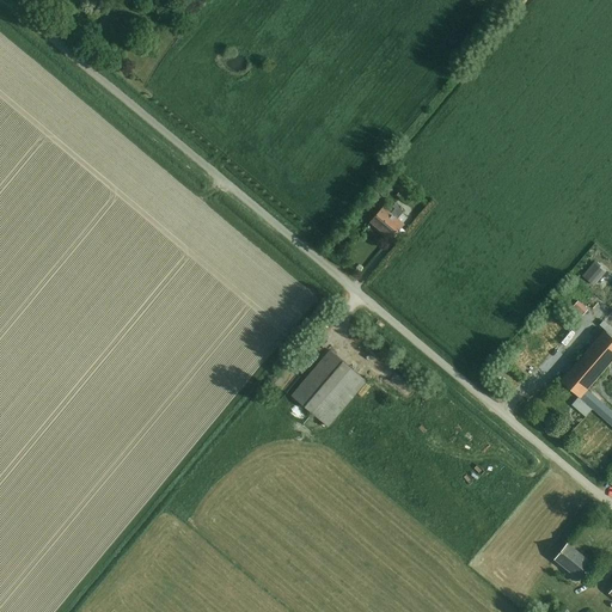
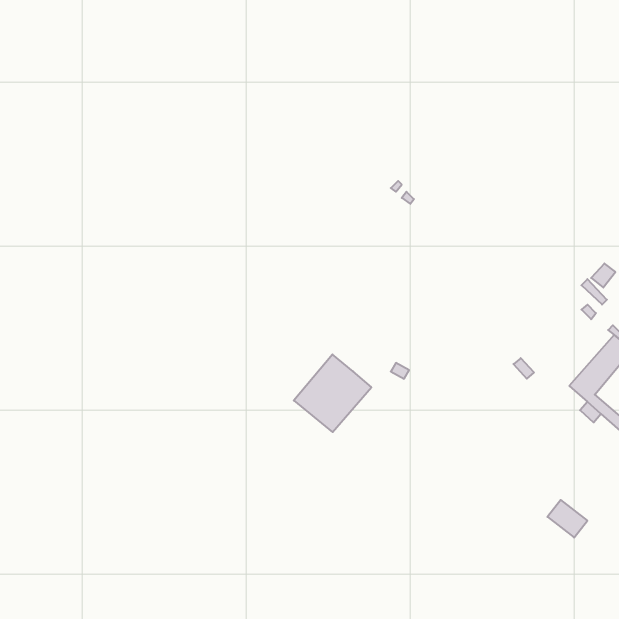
building: [371,202,403,238] -> none
building: [553,543,593,580] -> [547,500,587,538]

